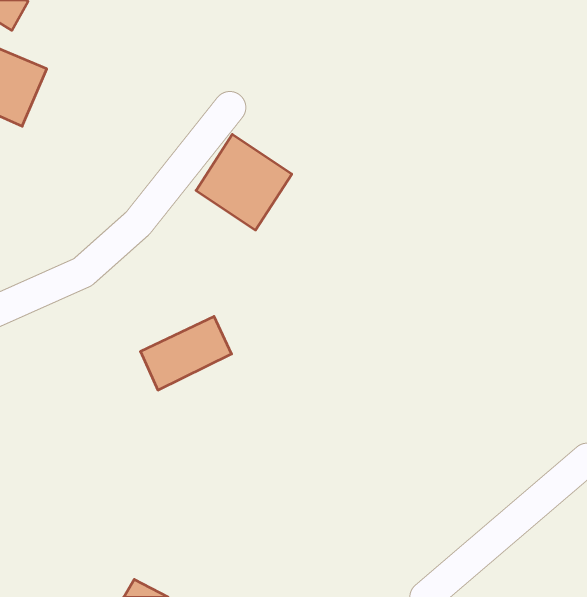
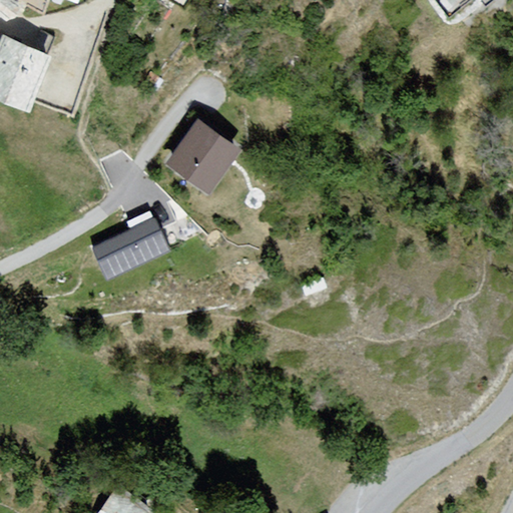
building: [140,316,232,390] -> [83,216,161,280]

